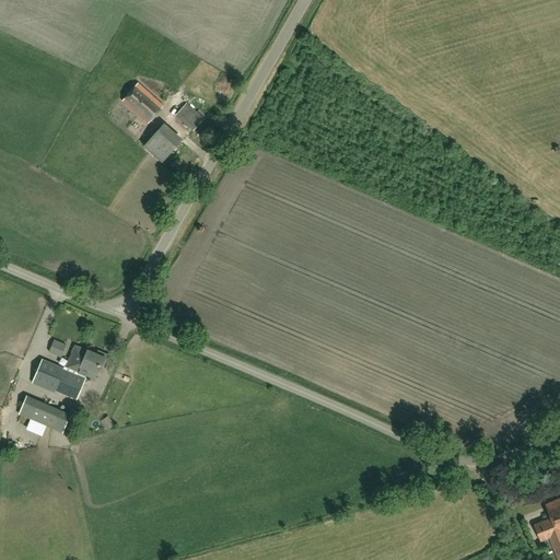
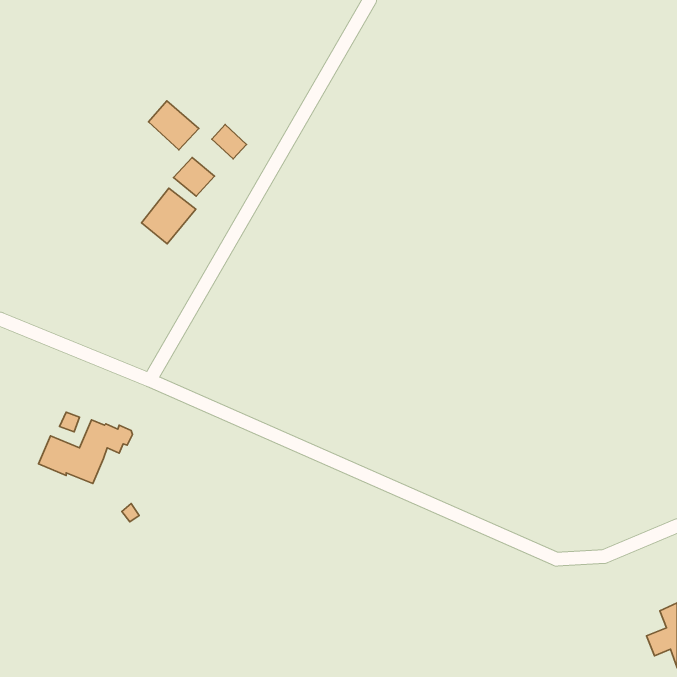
building: none -> [142,188,196,244]
building: [27,397,60,427] -> none

